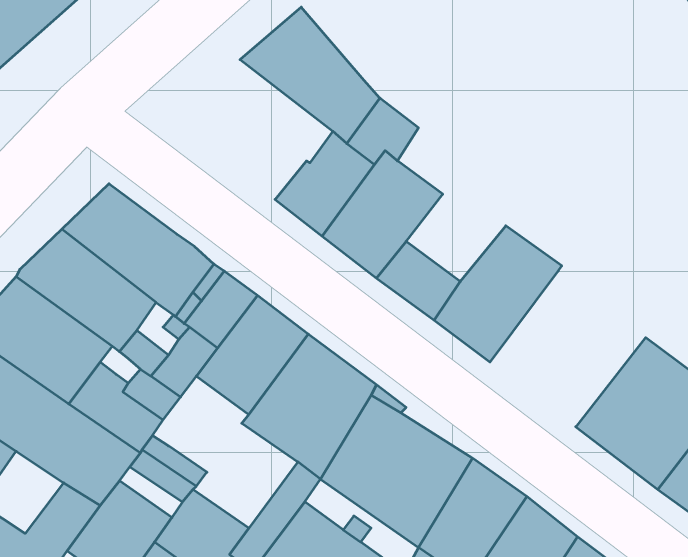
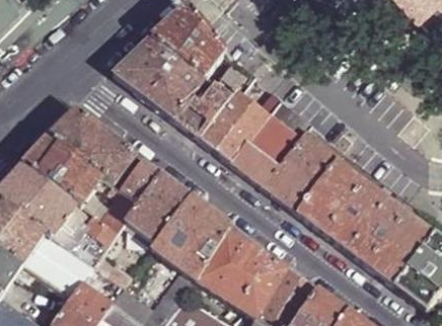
building: none -> [114,35,205,116]
building: none -> [247,96,311,164]
building: none -> [296,158,386,248]

